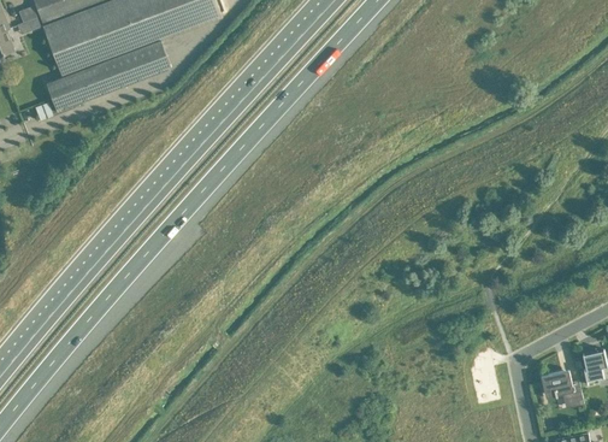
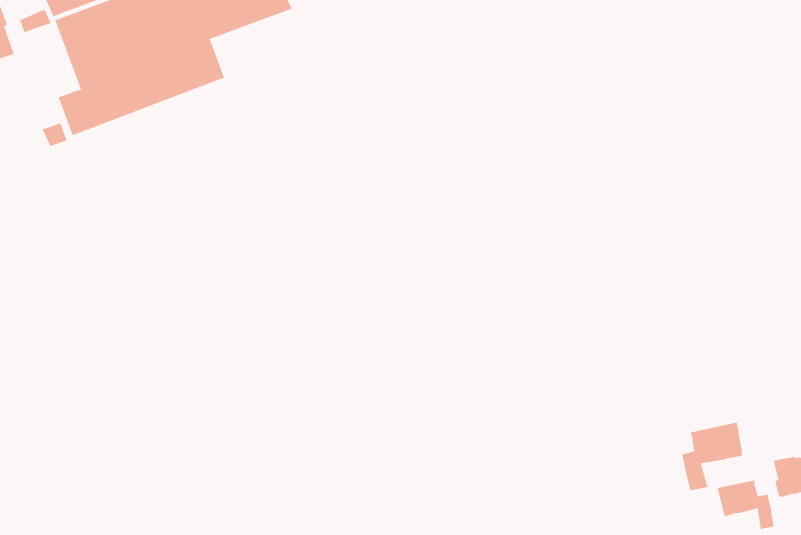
building: none -> [682,422,742,491]

